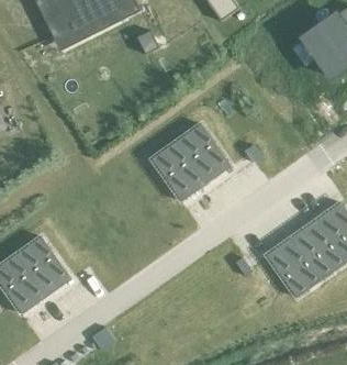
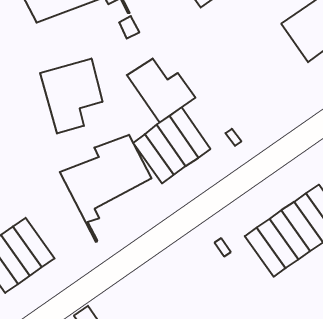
building: none -> [127,58,195,122]
building: none -> [40,58,102,134]
building: none -> [60,135,151,242]

